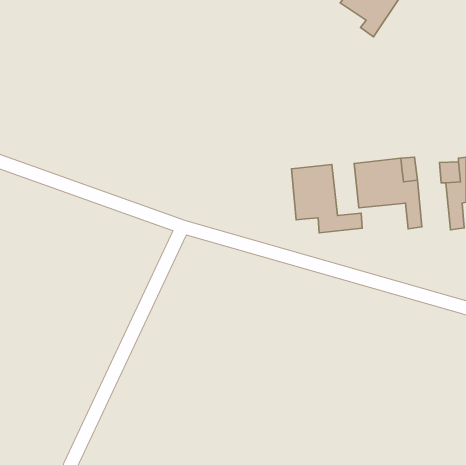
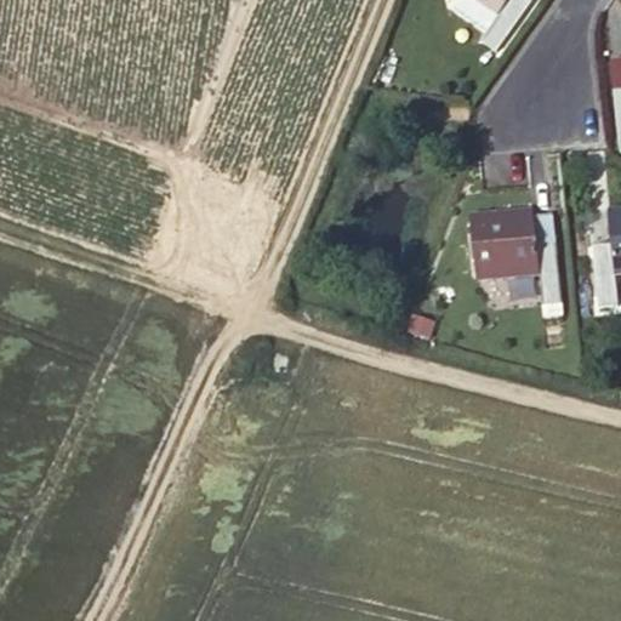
building: [291,165,362,233] -> none

